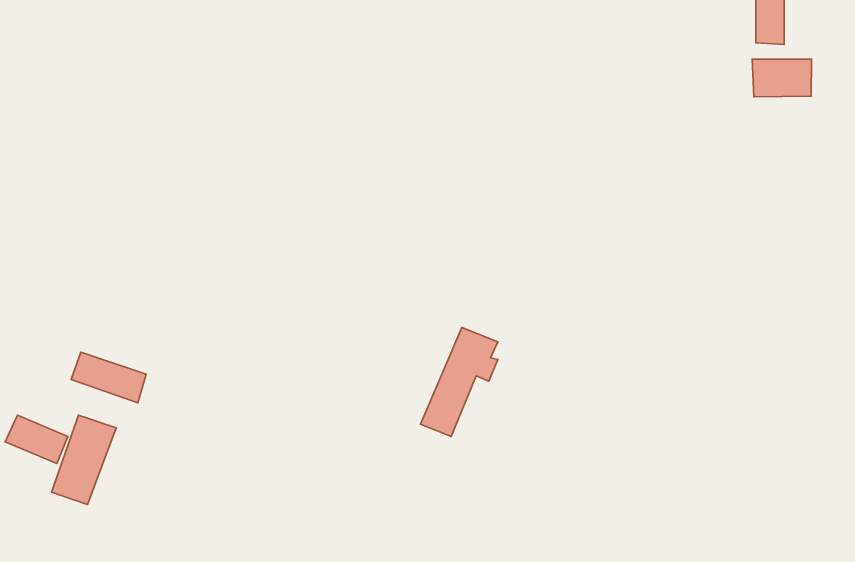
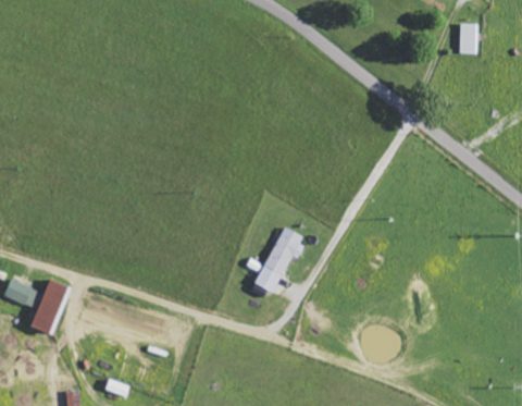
building: [752,59,812,97] -> none
building: [71,352,146,403] -> none

